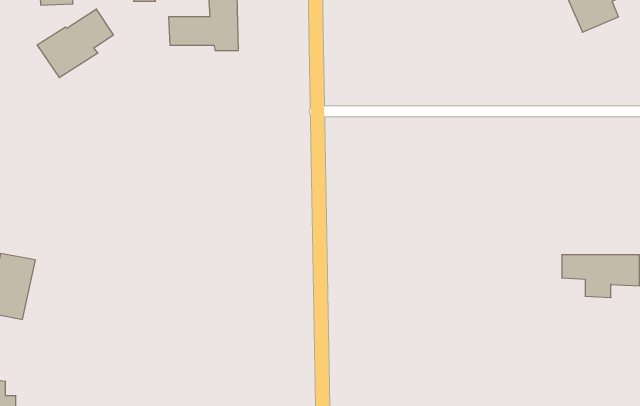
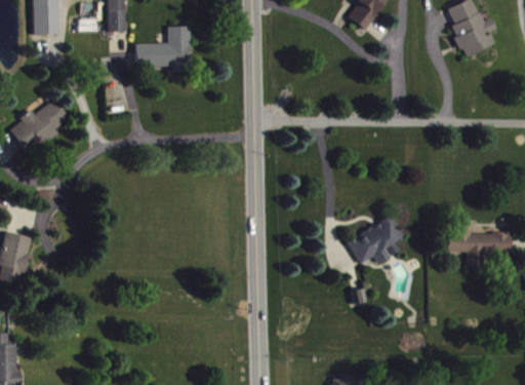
building: [37,9,113,78] -> [10,99,71,153]
building: none -> [348,216,404,265]

